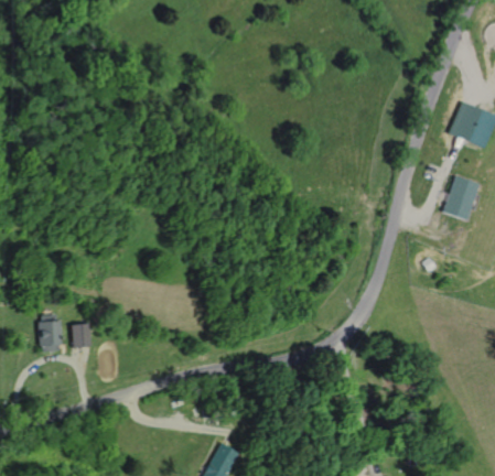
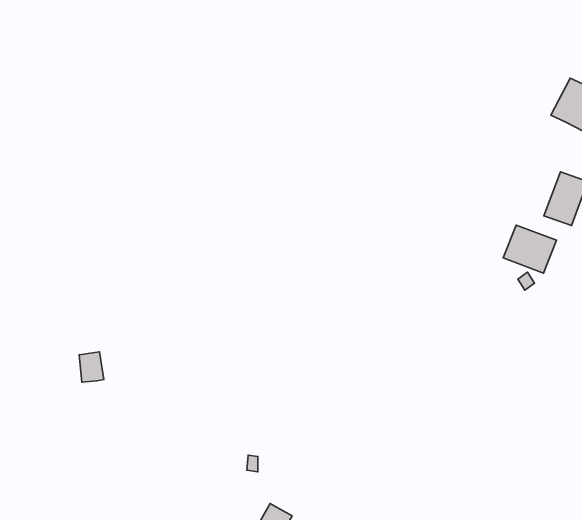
building: none -> [503,225,557,273]
building: [36,313,61,350] -> none

